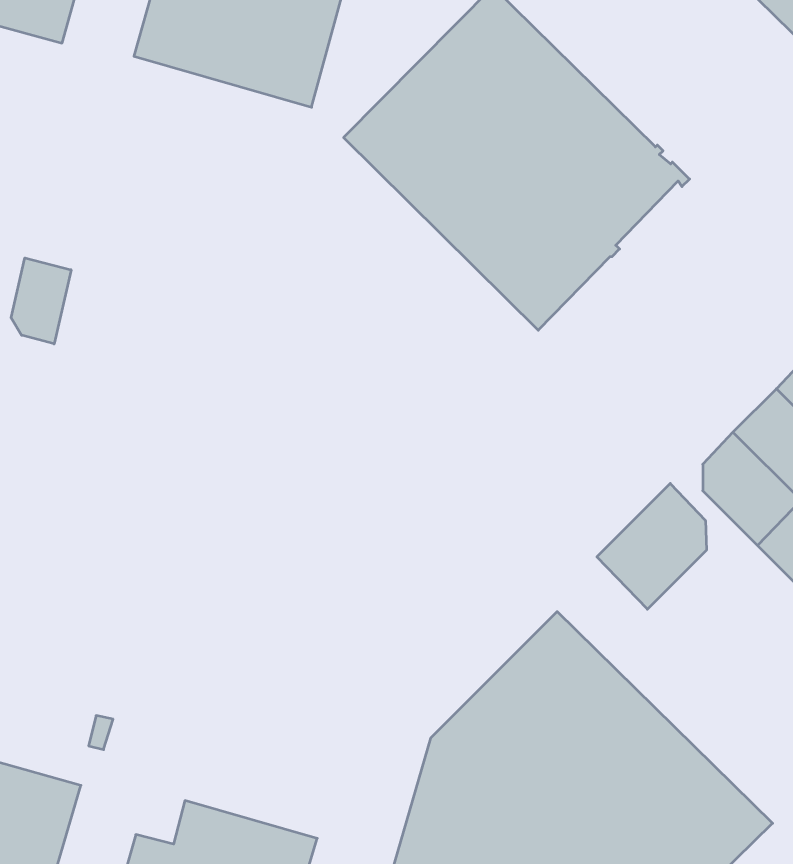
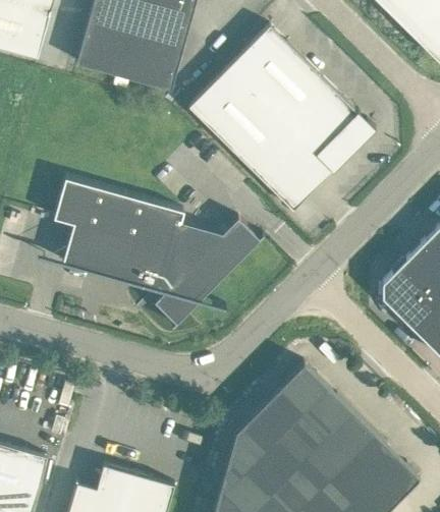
building: [11,258,71,344] -> none
building: none -> [54,178,263,328]
building: [597,483,706,609] -> none

